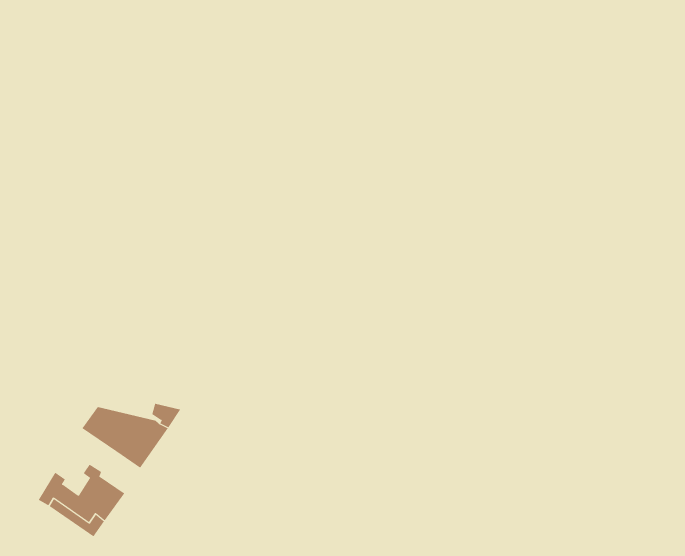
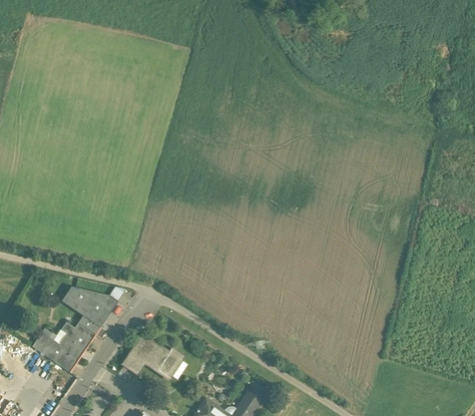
building: none -> [72,316,98,343]
building: none -> [123,337,181,379]

